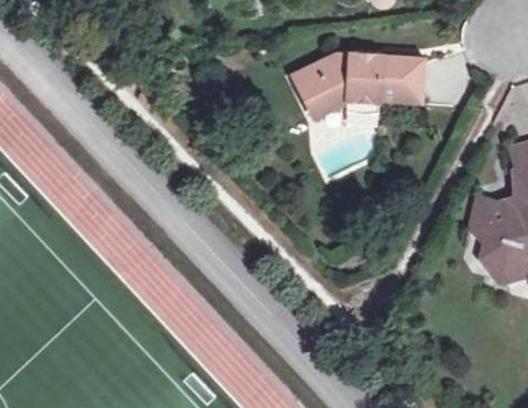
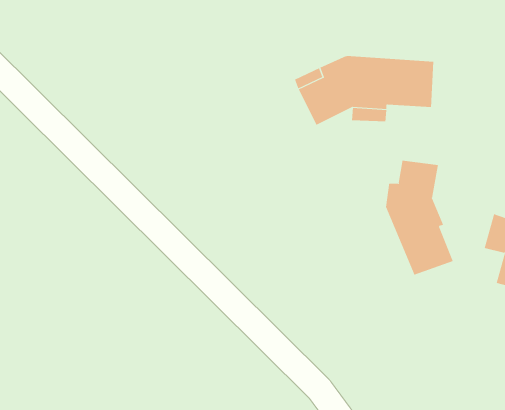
building: none -> [385,160,454,276]

